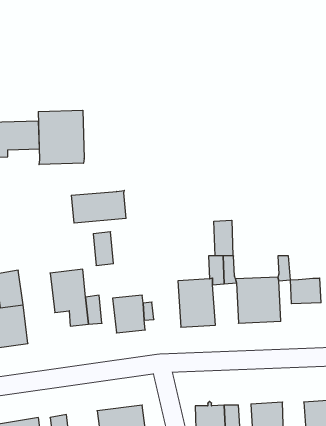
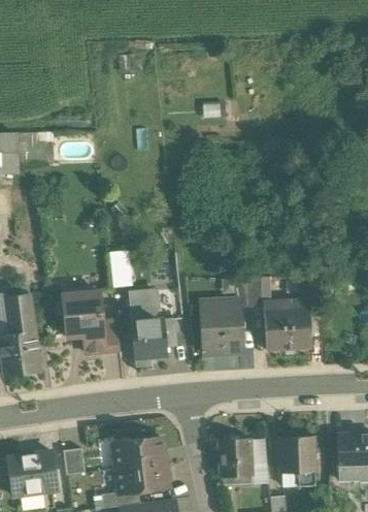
building: [38,110,84,165] -> none
building: [71,190,126,223] -> none
building: [214,220,233,256] -> none
building: none -> [129,291,157,323]
building: [290,278,321,304] -> none

